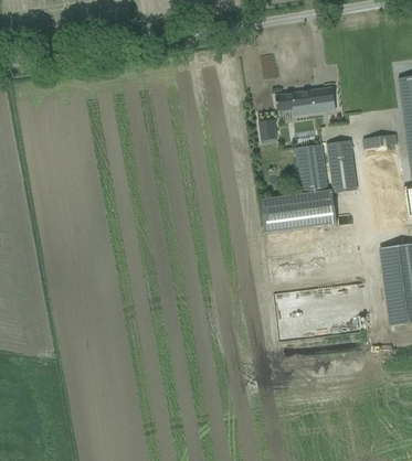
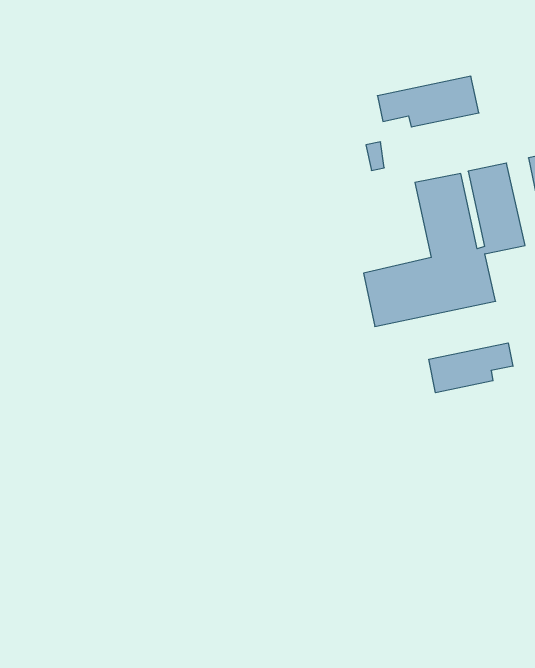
building: none -> [429,343,513,393]

